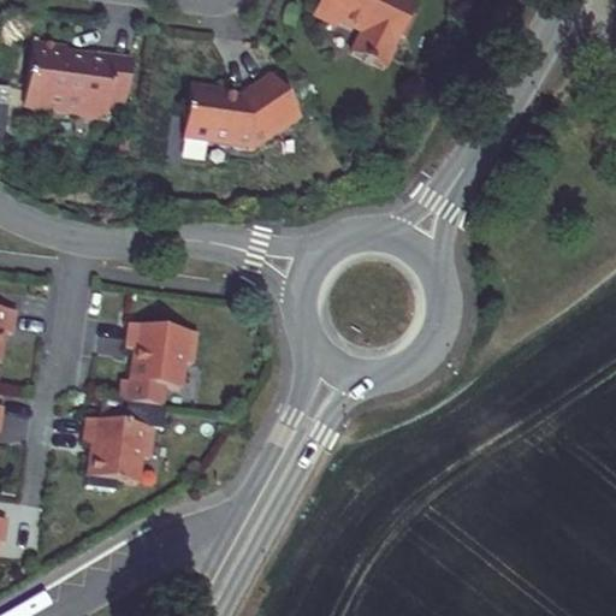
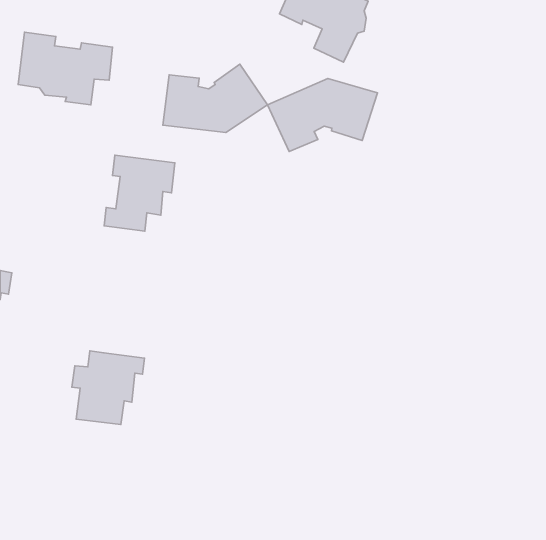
building: none -> [268,78,377,152]
building: [118,318,197,403] -> [104,155,175,231]

